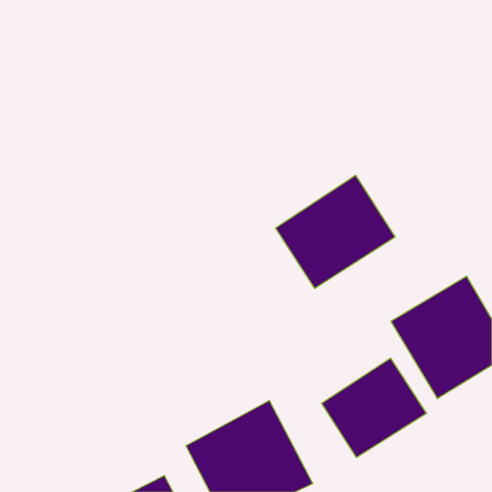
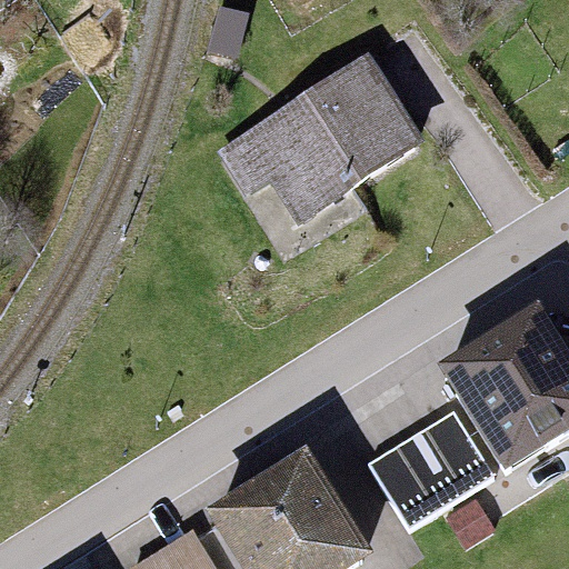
building: none -> [222,60,420,217]
building: [276,175,395,288] -> none

